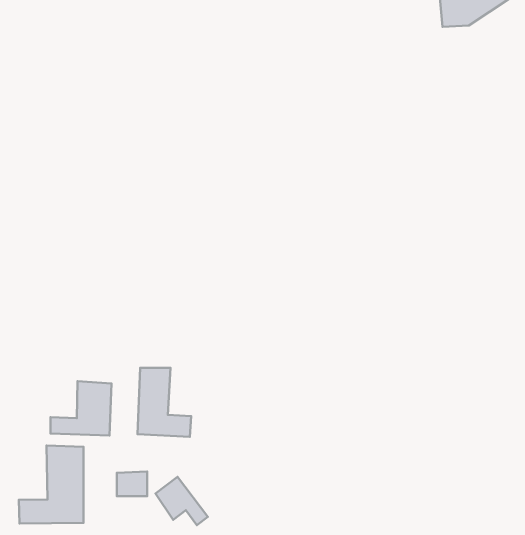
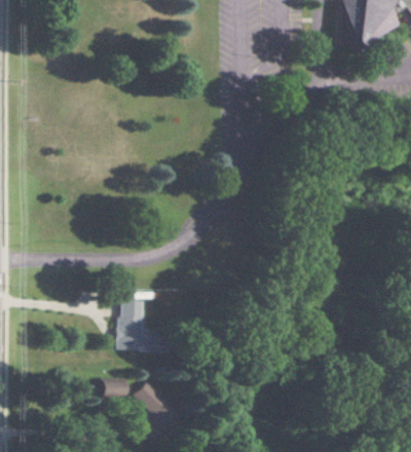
building: [50,381,112,436] -> none
building: [19,445,83,524] -> none

